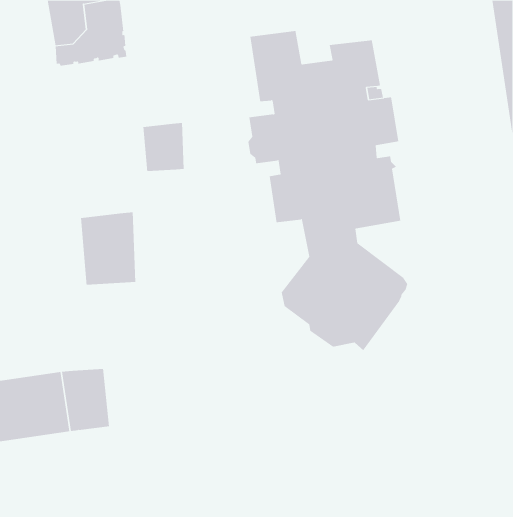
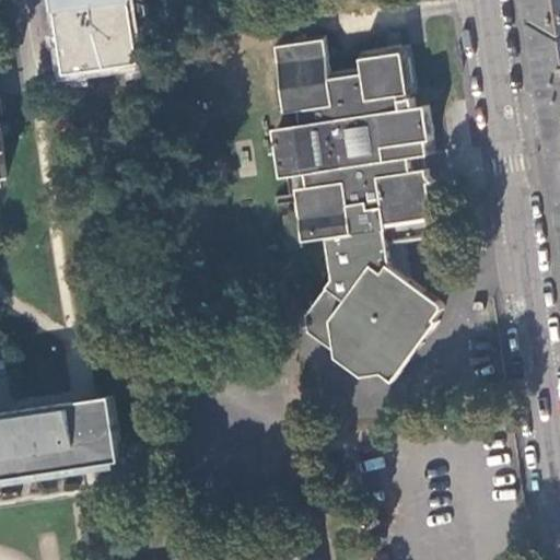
building: [143,122,184,172] -> none
building: [80,212,136,286] -> none

